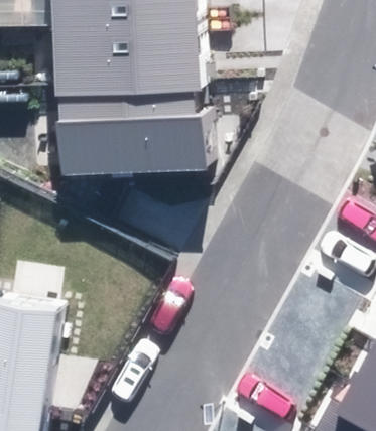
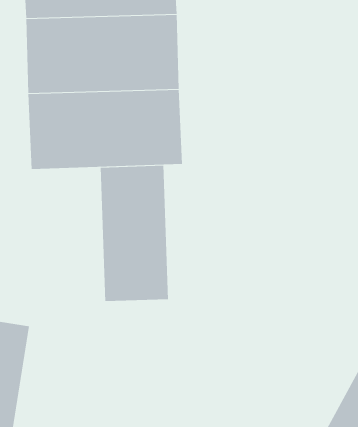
building: none -> [100,165,169,302]

